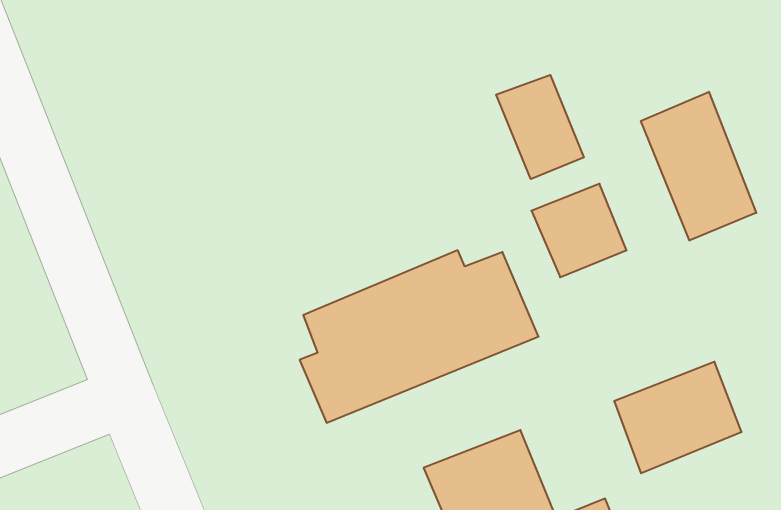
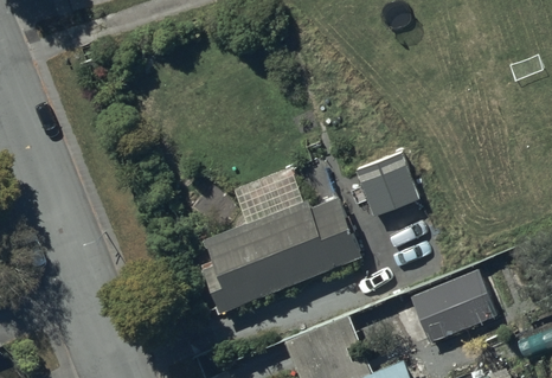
building: [496,75,584,179] -> none
building: [641,92,756,241] -> none

